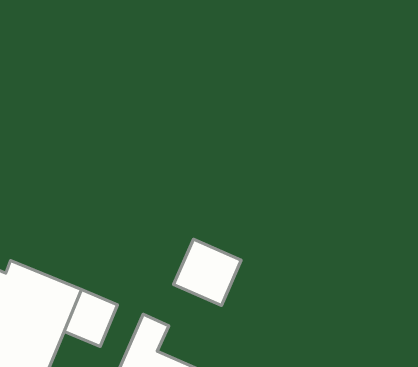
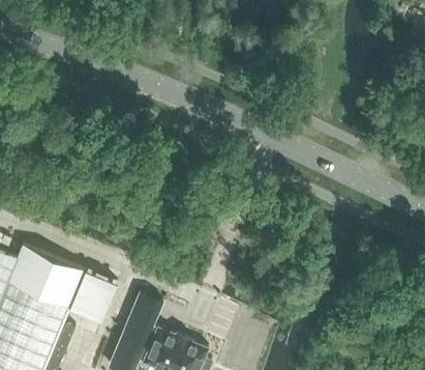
building: [174,239,241,305] -> none

